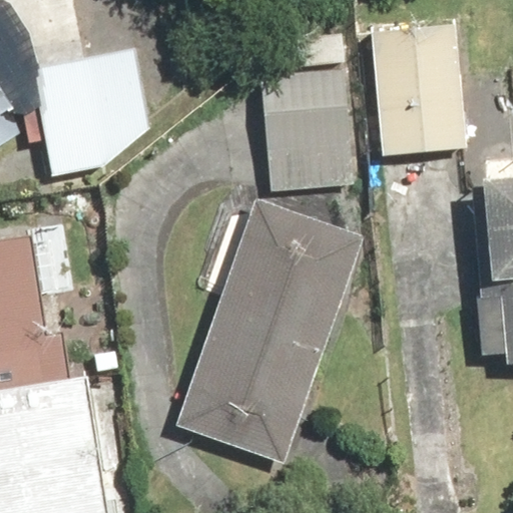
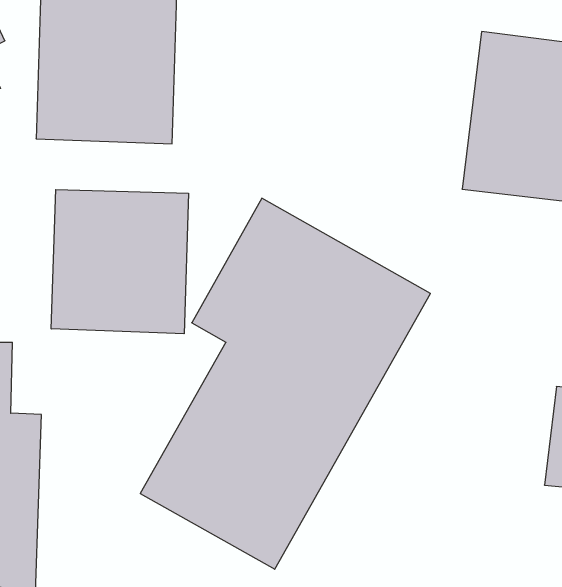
building: [254,34,352,188] -> none
building: none -> [51,190,188,334]

